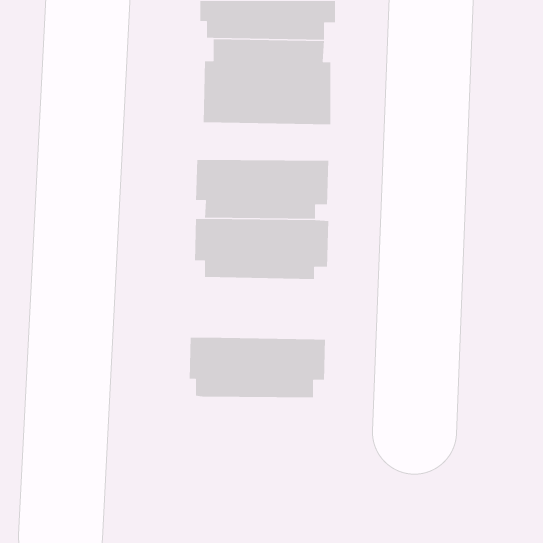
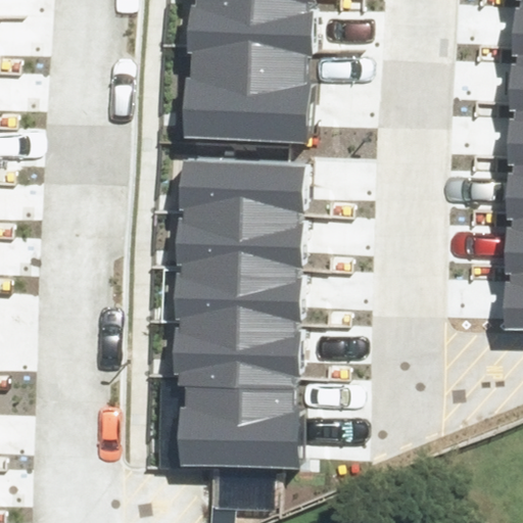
building: none -> [178,275,304,332]
building: none -> [179,386,299,466]

